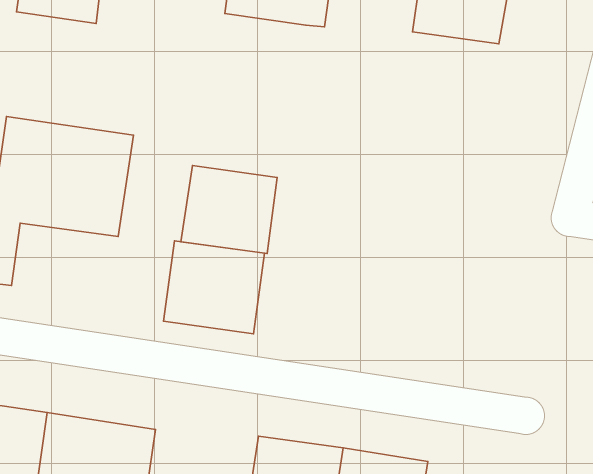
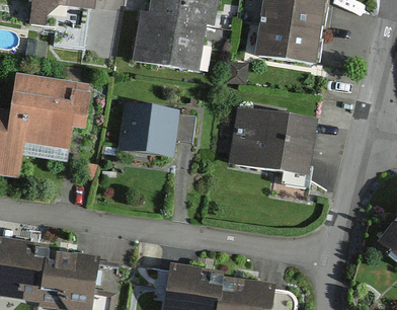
building: none -> [132,10,196,65]
building: none -> [255,23,312,60]
building: none -> [222,101,312,169]
building: [164,241,264,334] -> none

